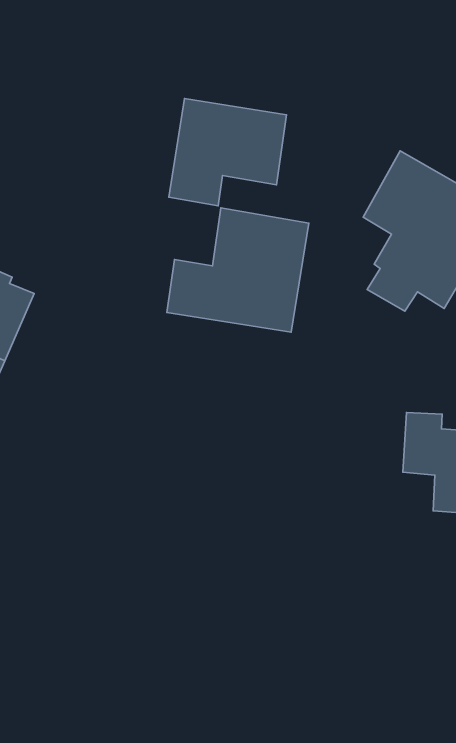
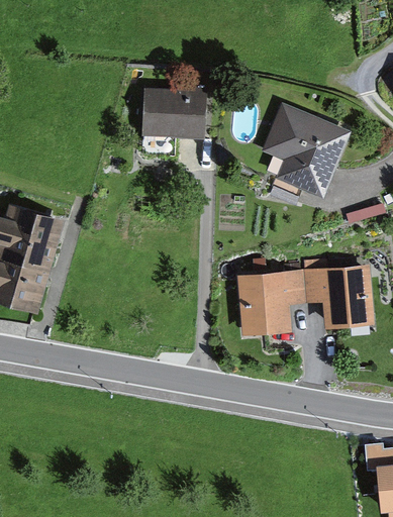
building: [167,208,309,332] -> none
building: none -> [241,266,307,328]

